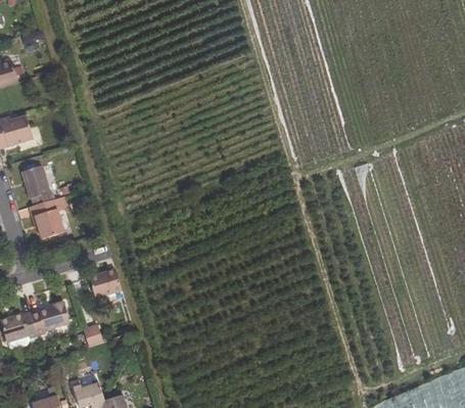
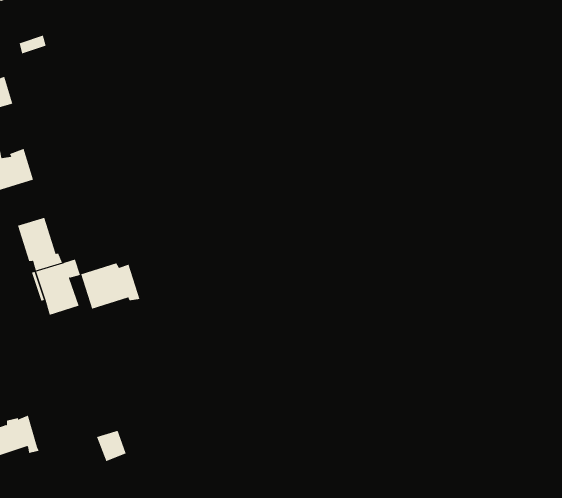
building: none -> [80,263,140,309]
building: [88,270,121,297] -> none
building: [29,303,69,332] -> none

